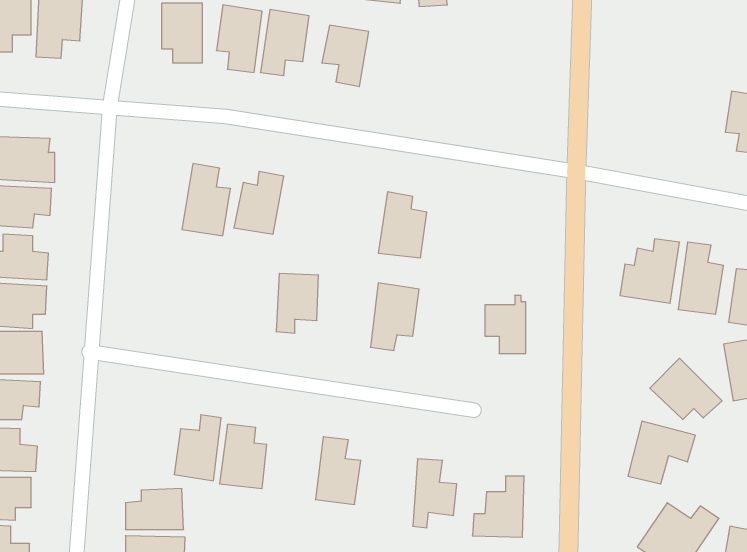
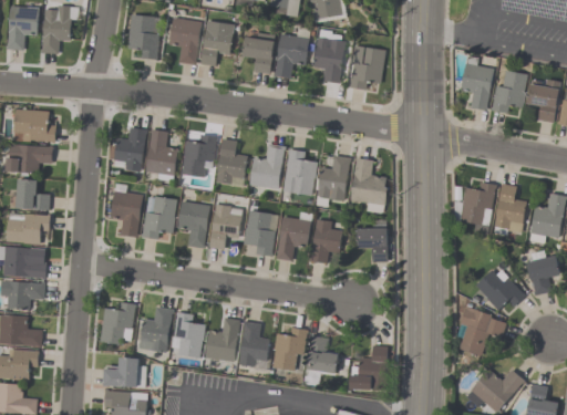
building: none -> [274,33,309,77]
building: none -> [313,37,346,83]
building: none -> [348,45,385,90]
building: none -> [461,58,494,111]
building: none -> [492,71,527,114]
building: none -> [113,127,146,170]
building: none -> [214,138,247,186]
building: none -> [249,144,284,189]
building: none -> [317,155,350,201]
building: none -> [349,157,388,209]
building: none -> [110,187,143,237]
building: none -> [142,196,175,240]
building: none -> [176,200,209,248]
building: none -> [243,209,277,256]
building: none -> [312,220,342,262]
building: none -> [100,301,135,346]
building: none -> [205,318,238,362]
building: none -> [274,329,303,371]

